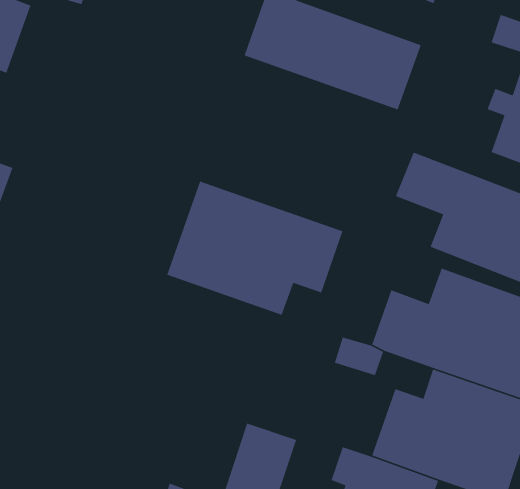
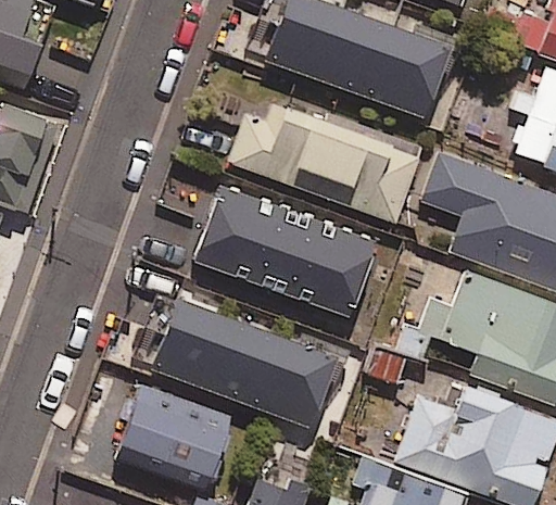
building: none -> [230,97,419,223]
building: none -> [154,299,338,426]
building: none -> [114,386,230,491]

